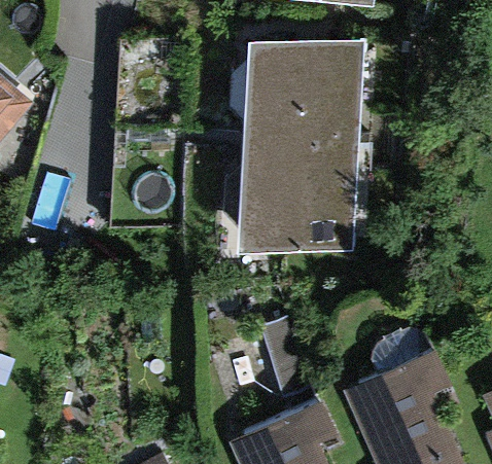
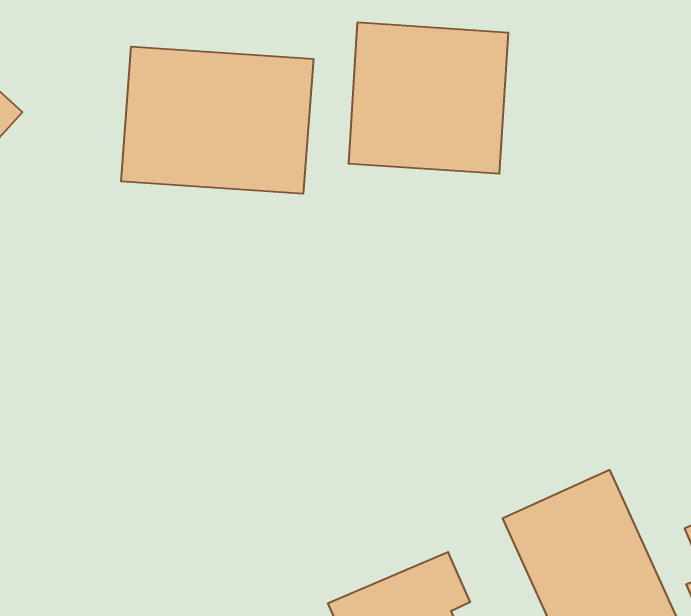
building: none -> [121,47,313,194]
building: [241,139,353,245] -> none

